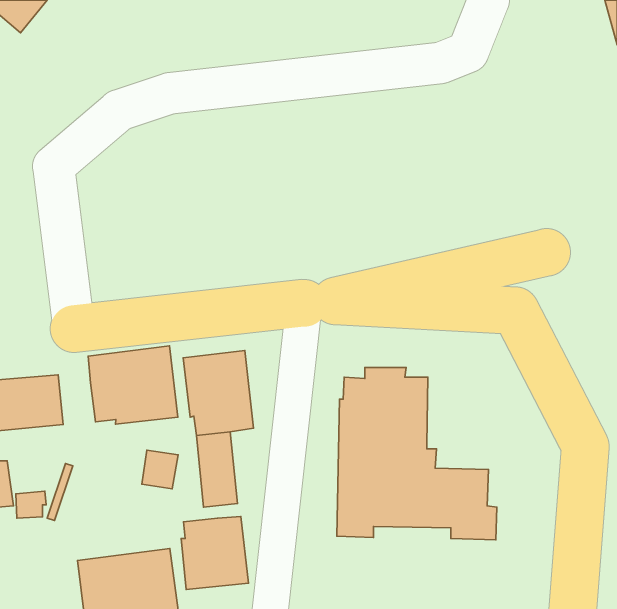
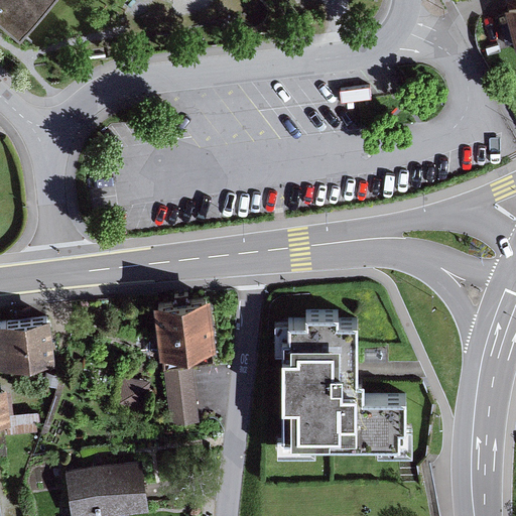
building: [88,346,178,424] -> none
building: [181,517,248,590] -> none

